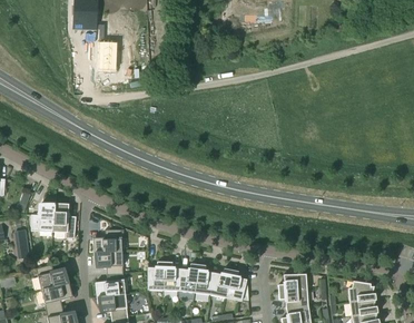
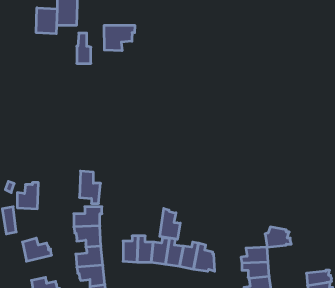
building: none -> [36,8,57,34]
building: none -> [104,25,135,51]
building: [52,203,76,238] -> [79,171,101,203]
building: none -> [160,208,180,239]
building: [347,281,376,303] -> [265,227,291,247]
building: [40,283,71,311] -> none

